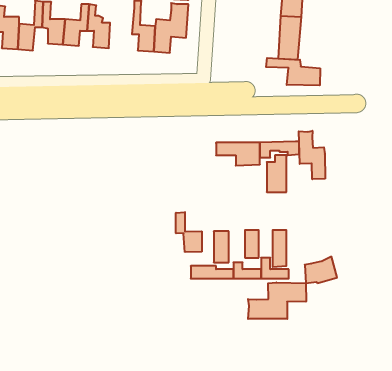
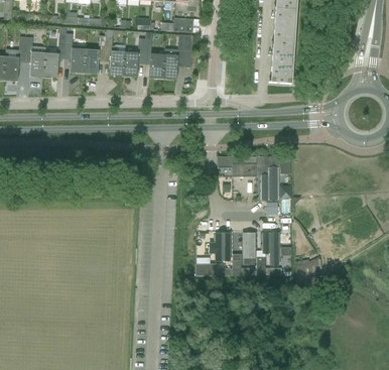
building: none -> [124,38,146,75]
building: [266,58,320,85] -> none
building: [299,131,325,179] -> none
building: [176,212,202,252] -> none
building: [248,282,306,319] -> none

